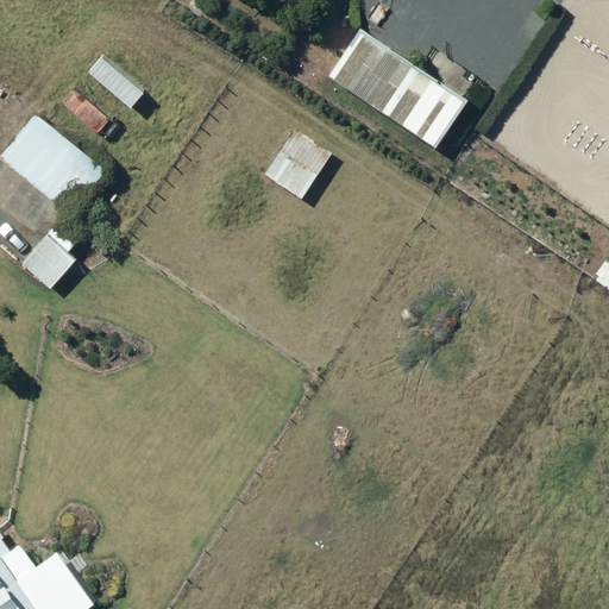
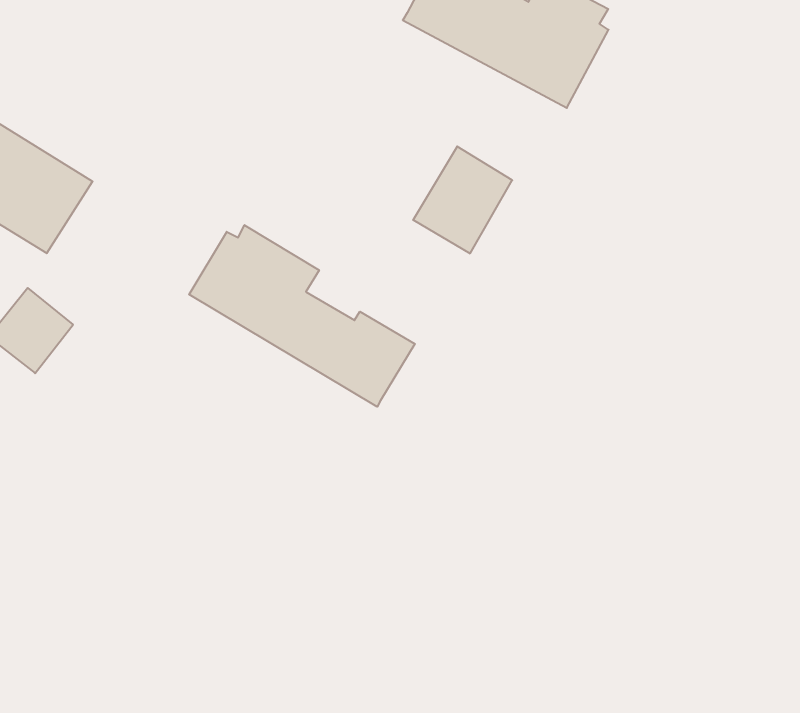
building: [262,127,333,202] -> [413,146,512,253]
building: none -> [189,225,415,407]

